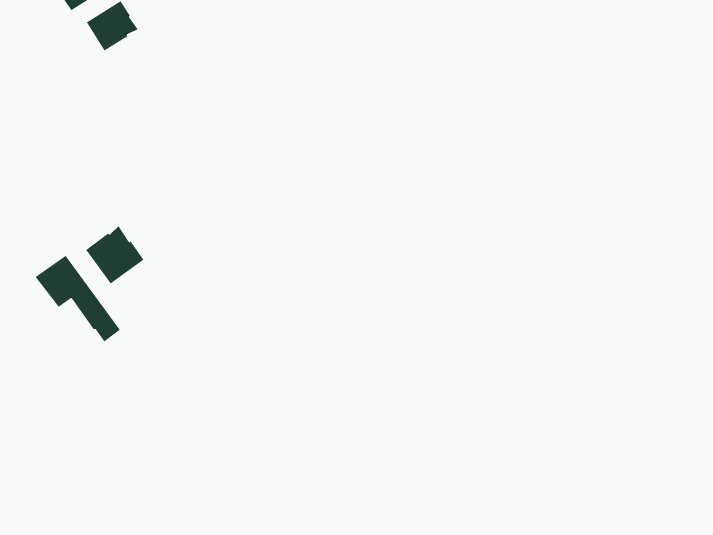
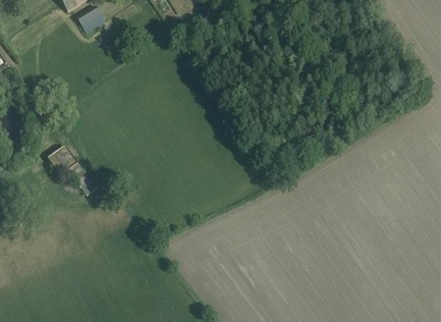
building: [85,225,144,284] -> none

